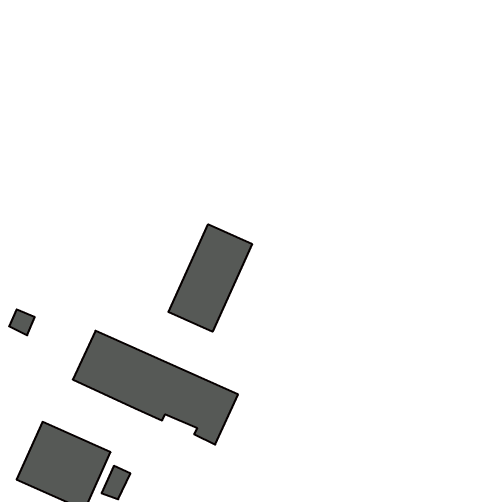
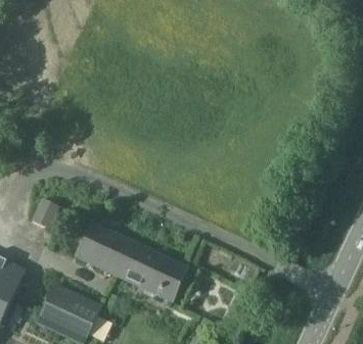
building: [168,224,252,332] -> none

